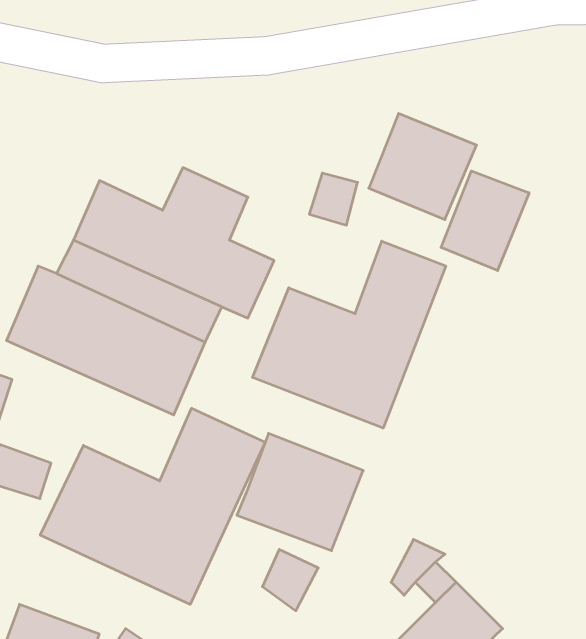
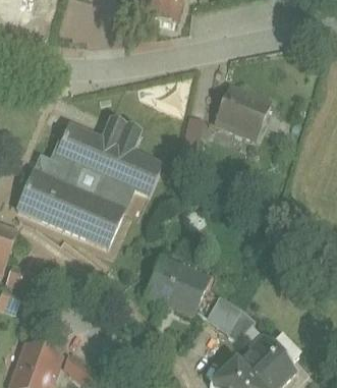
building: [441,171,529,271] -> none
building: [253,241,446,428] -> none
building: [40,408,265,604] -> none
building: [262,549,318,611] -> [209,303,239,337]

